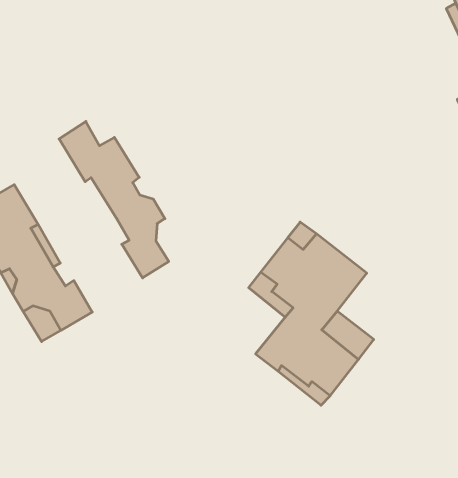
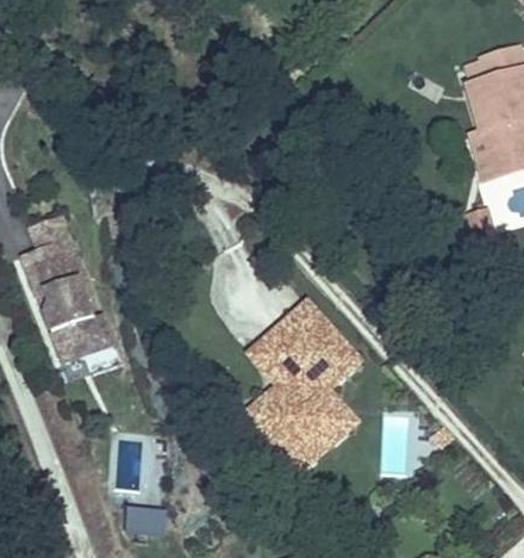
building: [59,121,169,278] -> none

